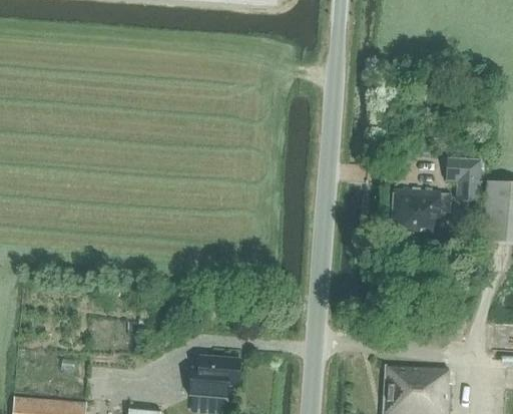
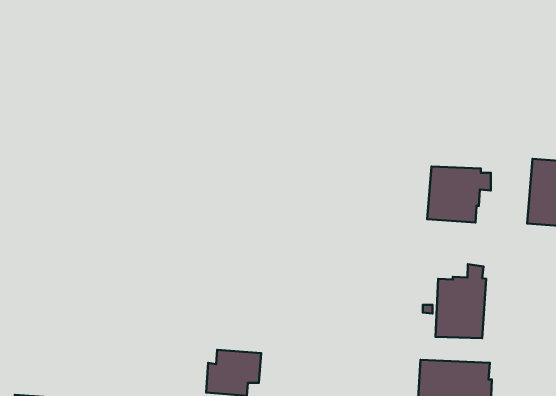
building: [446,156,481,201] -> none
building: none -> [435,264,486,338]

